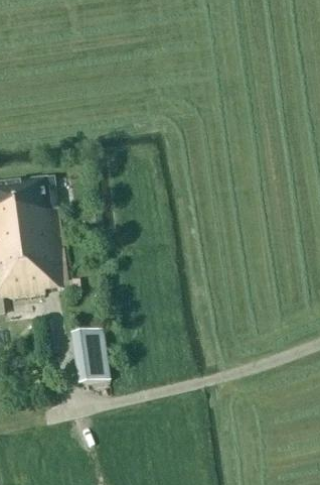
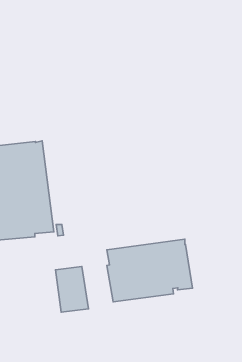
building: none -> [107,239,193,302]

